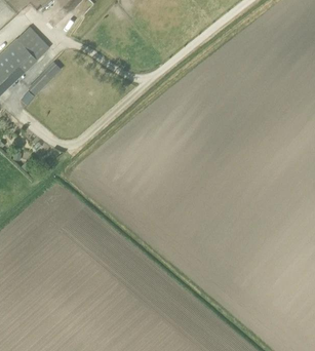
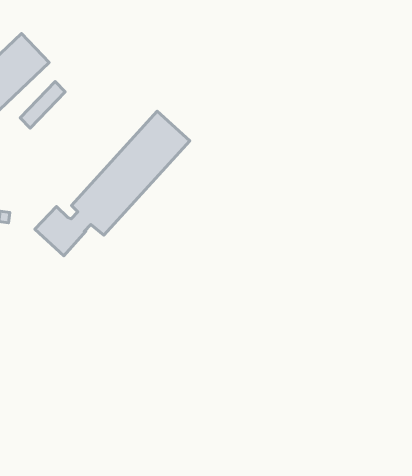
building: none -> [35,111,190,256]

